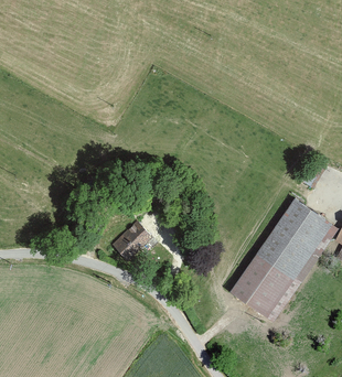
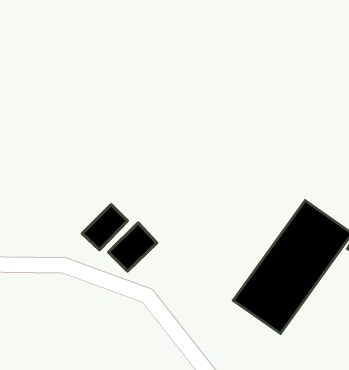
building: none -> [82,204,128,250]

